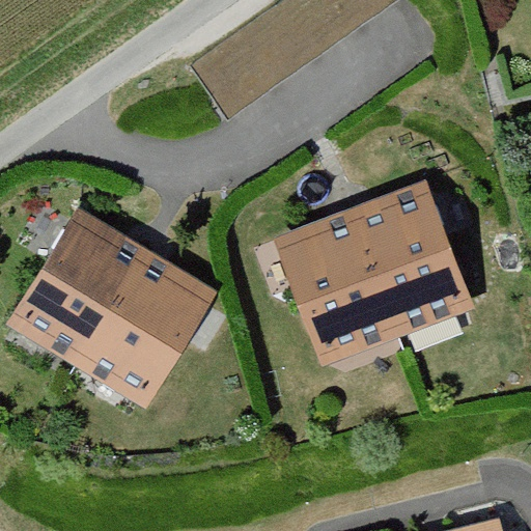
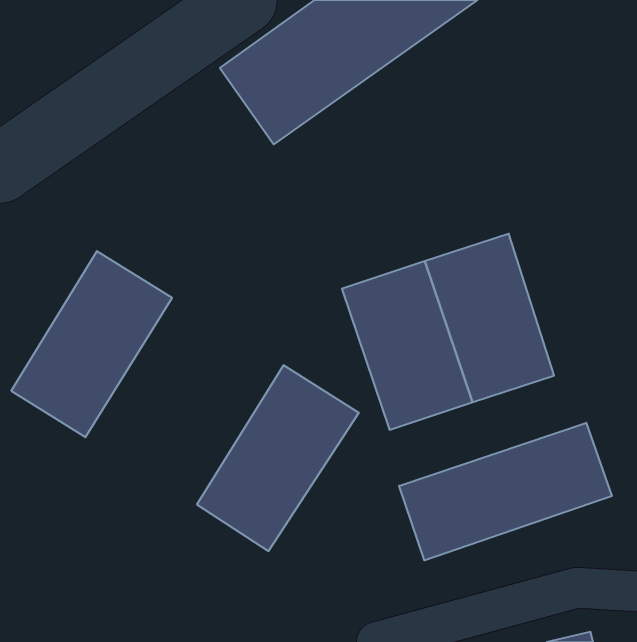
building: [75,246,208,399] -> [197,365,359,551]
building: none -> [399,423,612,560]

